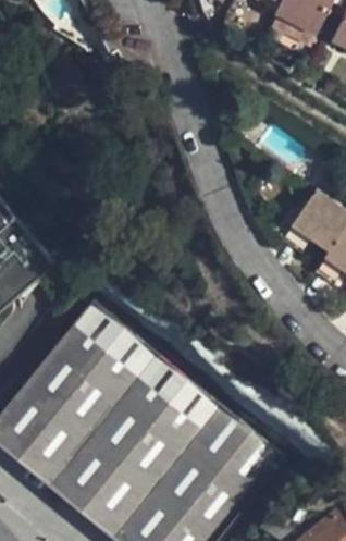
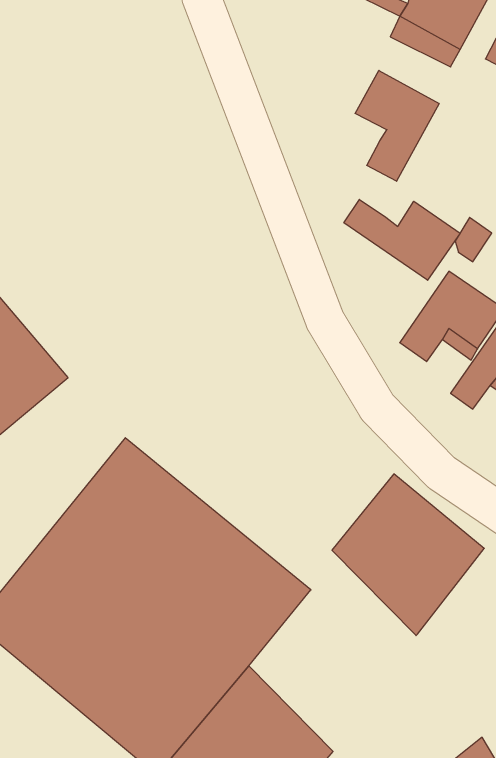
building: none -> [355,70,439,181]
building: none -> [344,199,460,280]
building: [175,407,280,518] -> [332,474,484,636]

